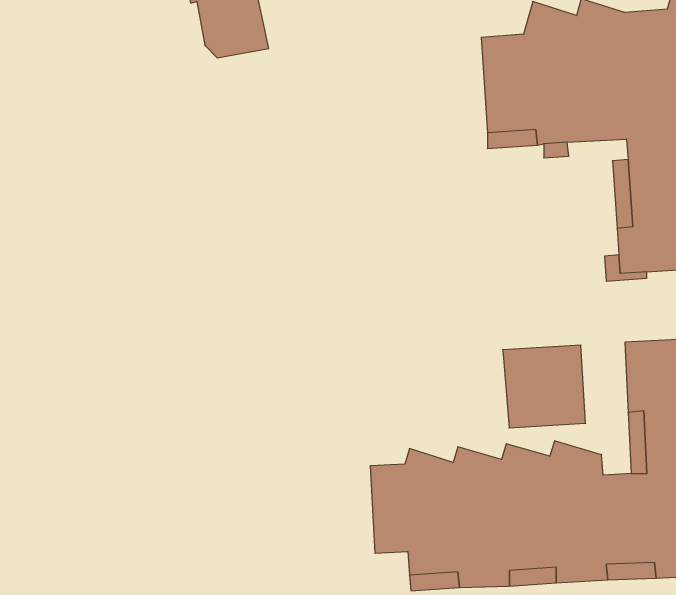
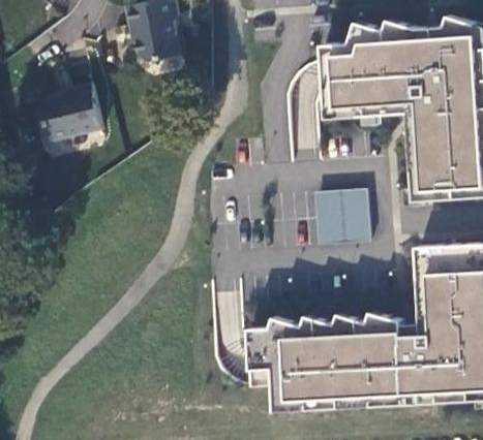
building: none -> [37,84,102,139]
building: [503,345,586,428] -> [312,189,367,244]

